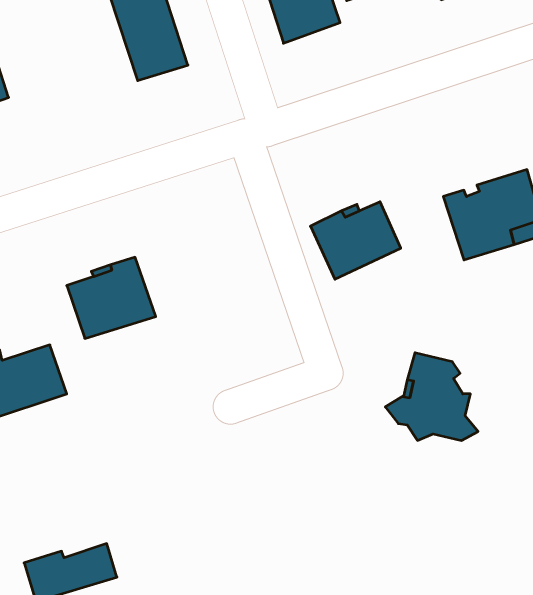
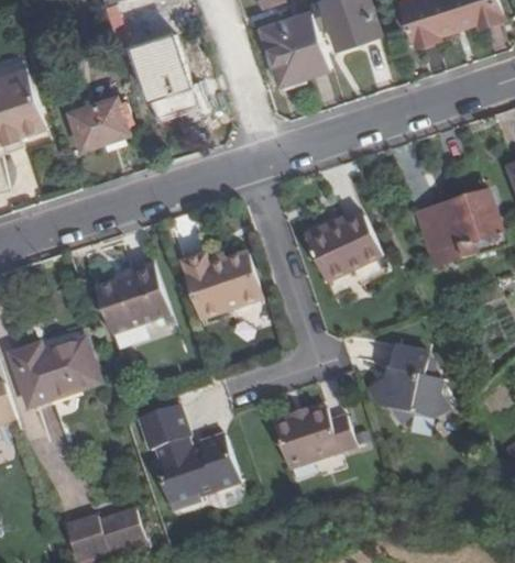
building: none -> [67,86,129,145]
building: none -> [185,255,261,317]
building: none -> [136,402,238,508]
building: none -> [269,409,352,470]

